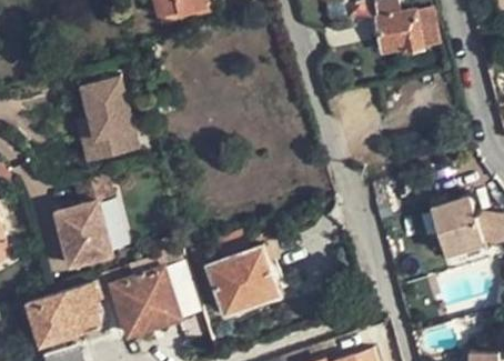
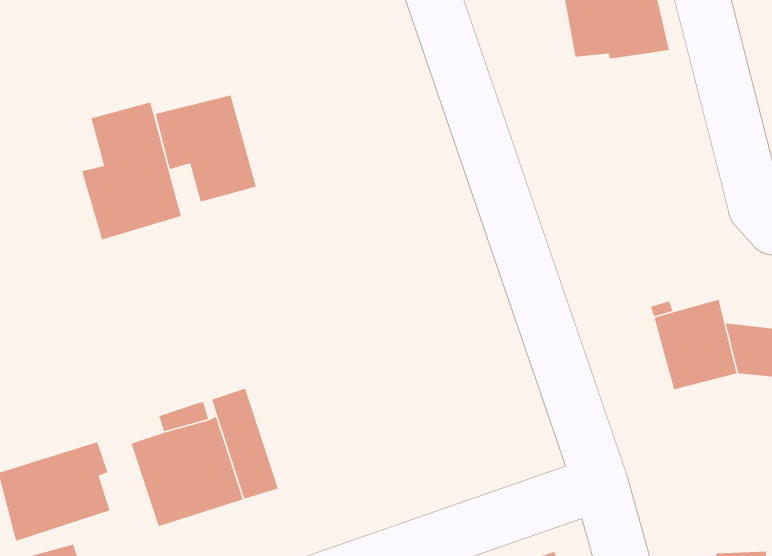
building: none -> [155,94,257,203]
building: [59,172,118,264] -> none
building: [212,244,283,312] -> none

